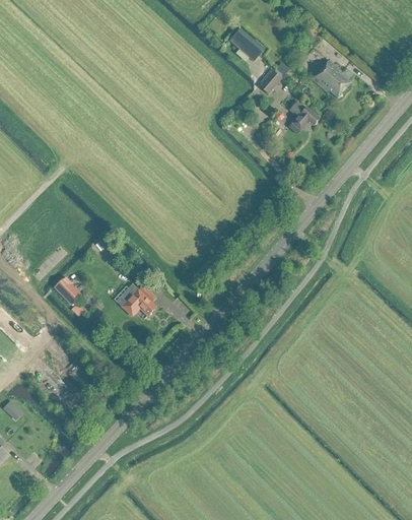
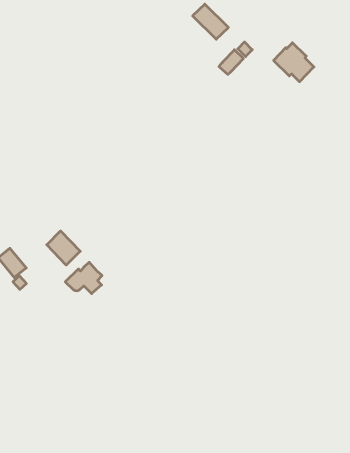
building: [289,102,319,130] -> none
building: none -> [47,231,80,265]

